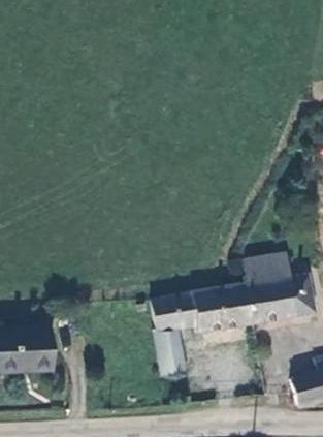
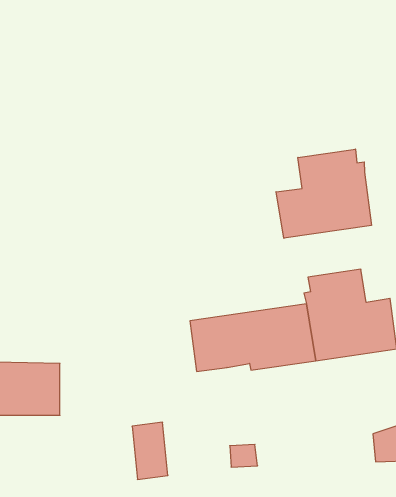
building: none -> [276,149,371,238]
building: [156,332,184,376] -> [132,422,168,479]

